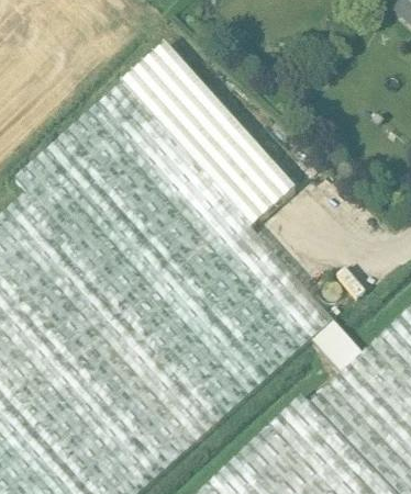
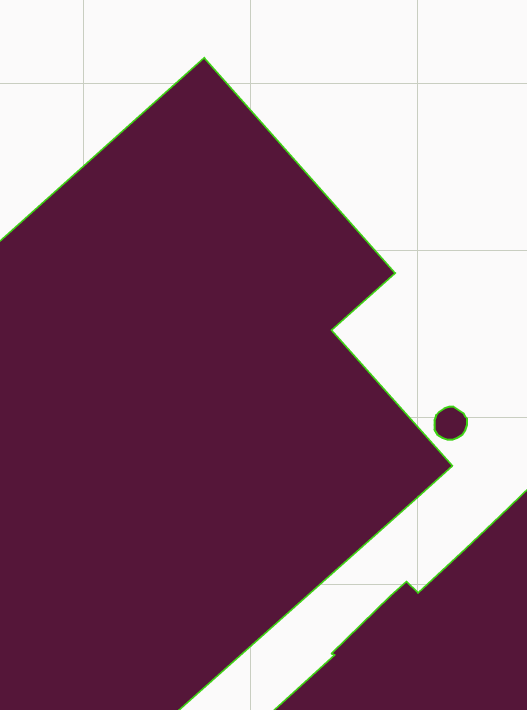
building: [311,321,360,372] -> none

